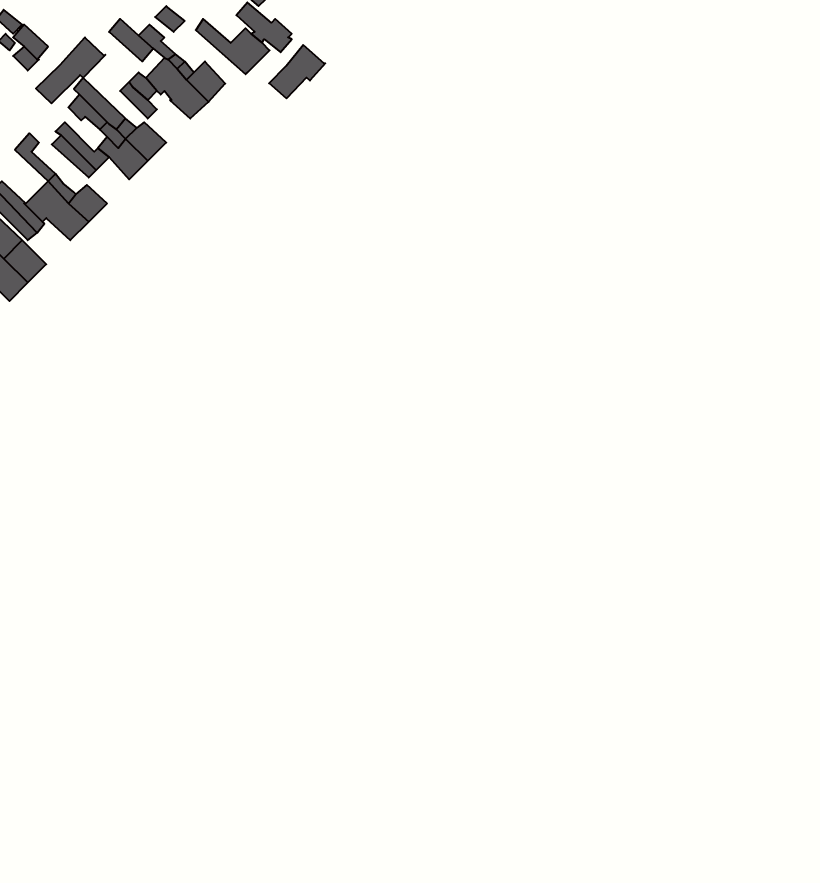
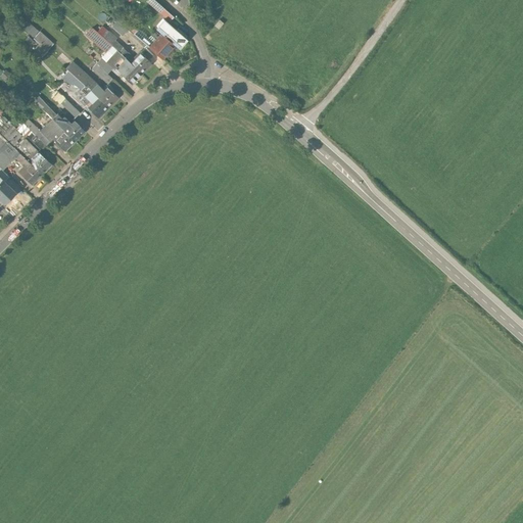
building: [36,37,105,103] -> none
building: [269,45,325,98] -> none

